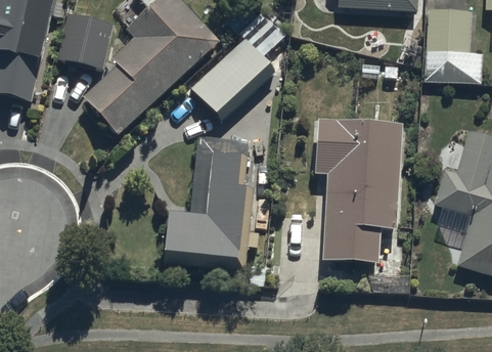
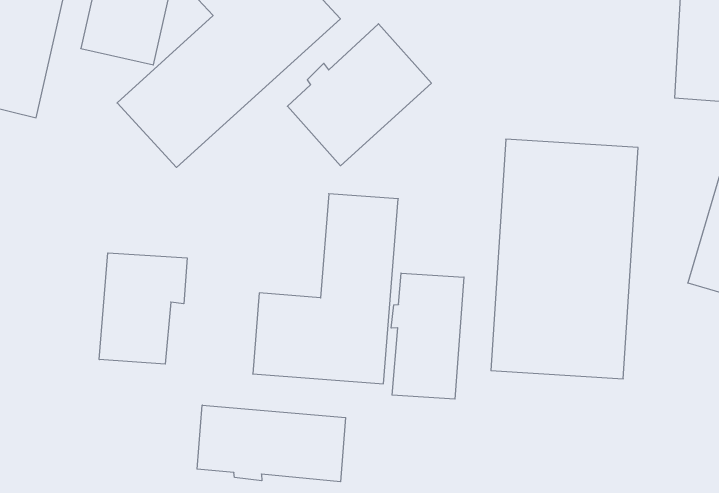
building: none -> [99,253,187,364]
building: none -> [391,273,464,399]
building: none -> [197,405,346,482]

